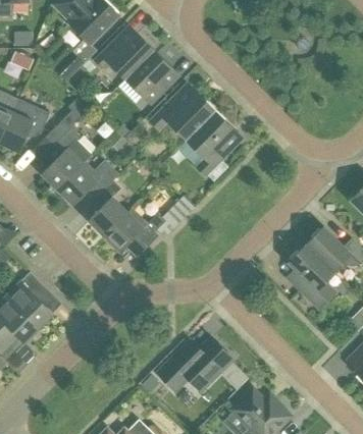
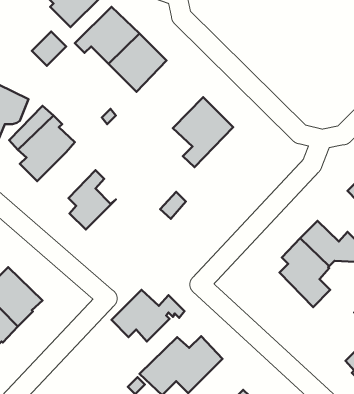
building: [149,83,214,141] -> none
building: [57,163,118,207] -> none
building: [103,208,172,257] -> [111,290,185,341]

